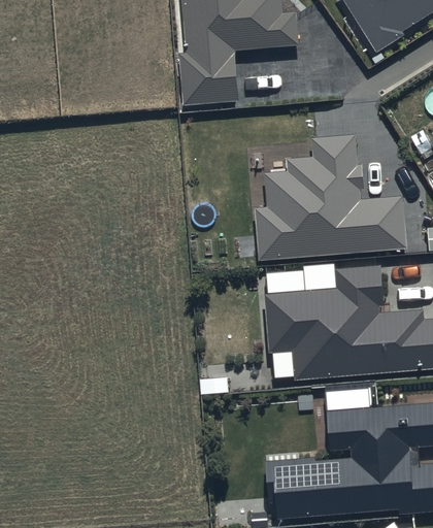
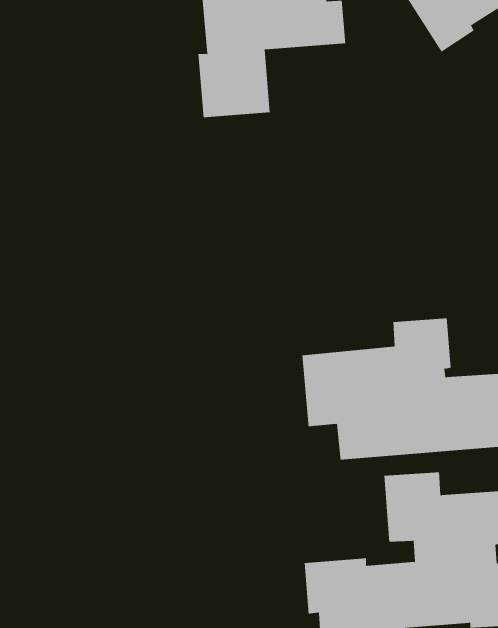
building: [244,124,406,254] -> none

